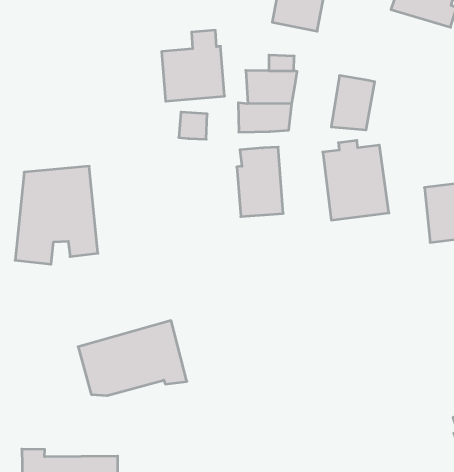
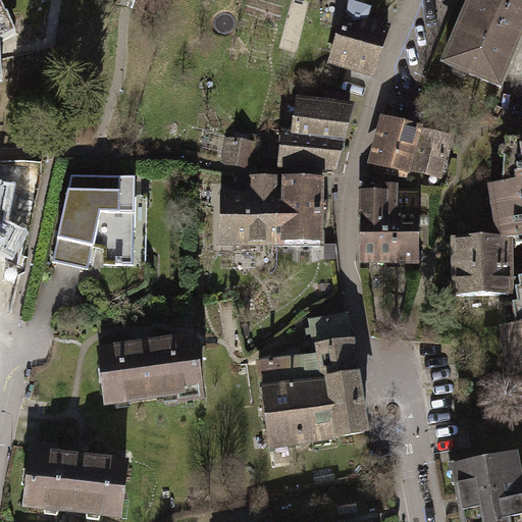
building: [162,30,225,101] -> [217,177,277,244]
building: none -> [415,128,451,172]
building: none -> [256,315,363,443]

